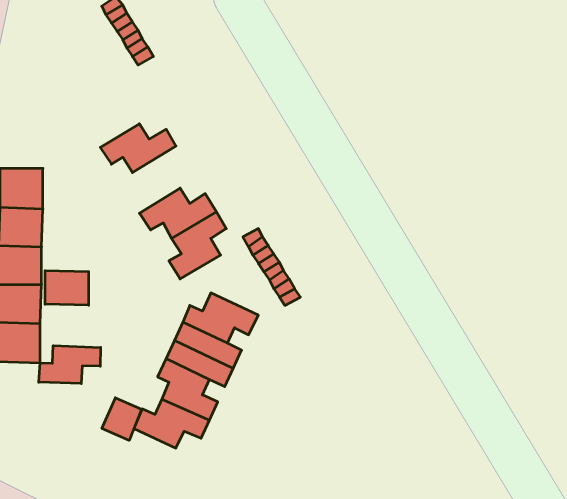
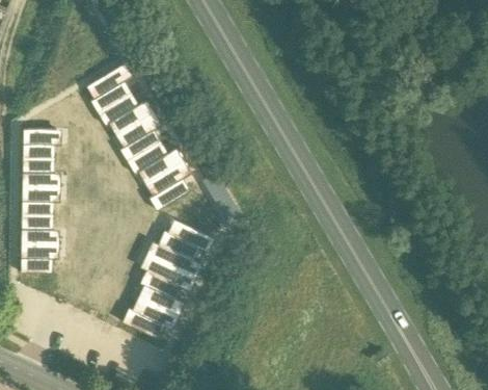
building: none -> [90,61,133,111]
building: none -> [119,110,162,160]
building: [45,271,89,305] -> none
building: [39,346,101,384] -> none
building: [102,398,142,440] -> none

